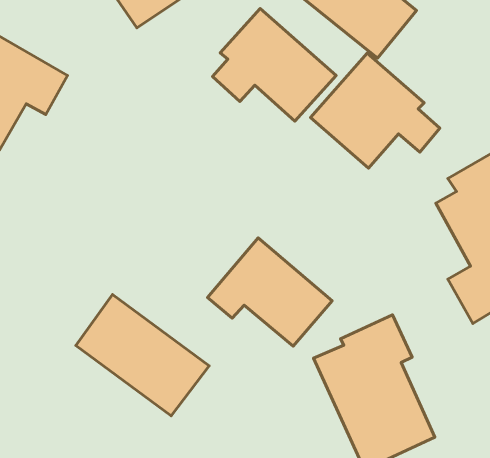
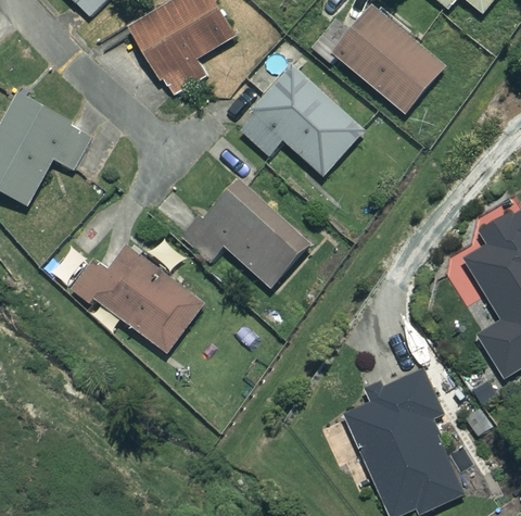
building: [310,53,440,168] -> none
building: [207,238,332,346] -> [187,179,312,288]
building: [76,294,209,416] -> [72,231,205,353]

